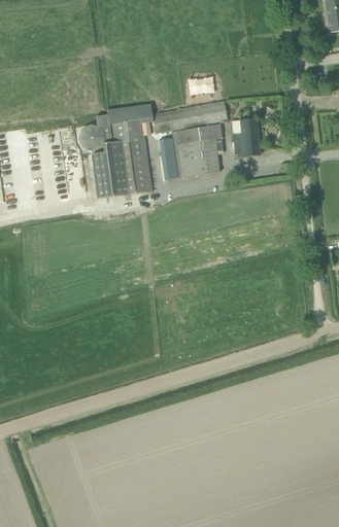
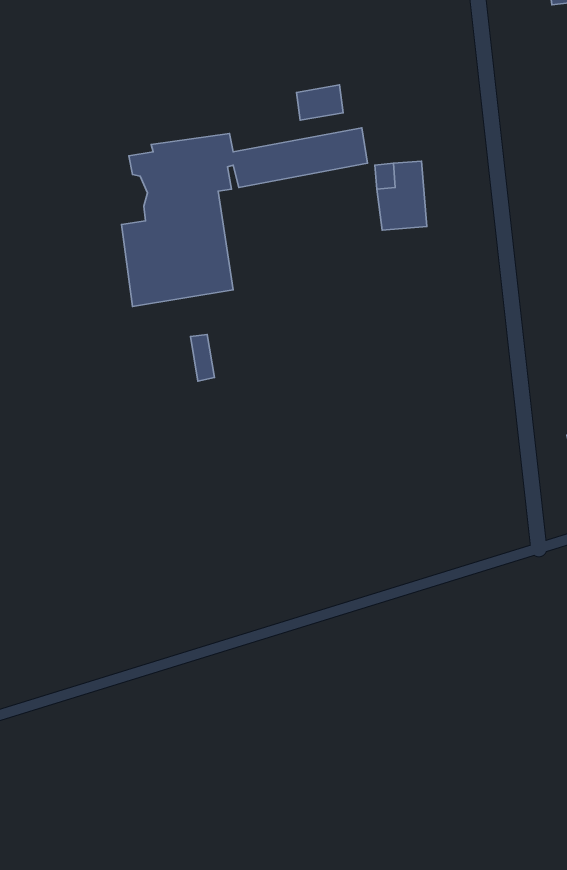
building: [78,124,105,151] -> none
building: [158,124,222,179] -> none

